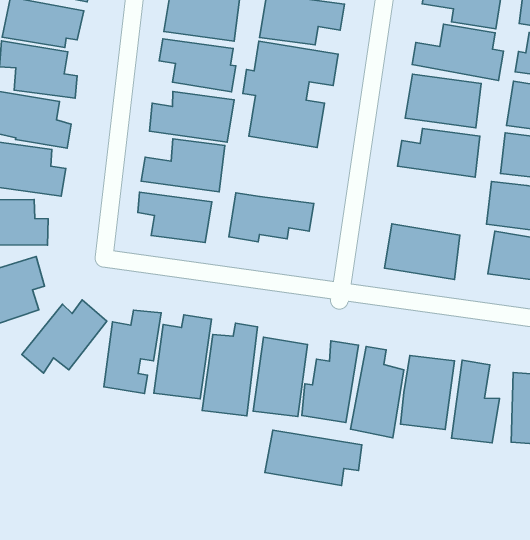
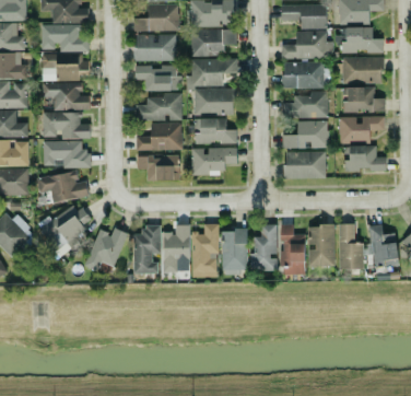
building: none -> [195,118,236,144]
building: none -> [282,121,328,149]
building: [265,430,362,485] -> none

